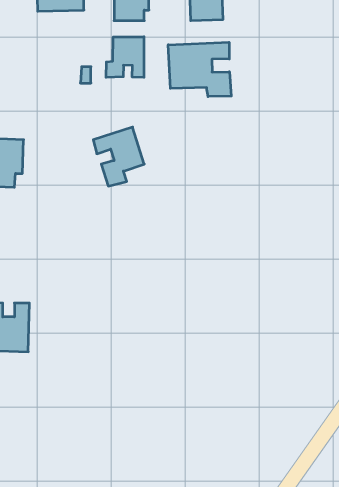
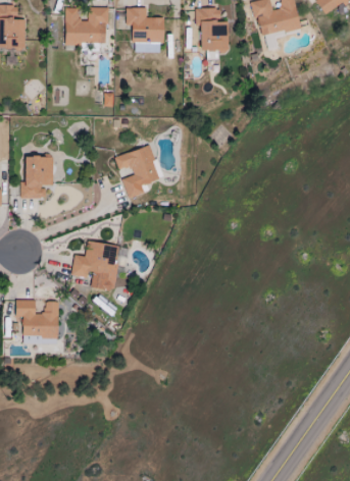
building: [106,37,144,77] -> none
building: [168,42,231,97] -> none
building: none -> [71,240,119,290]

